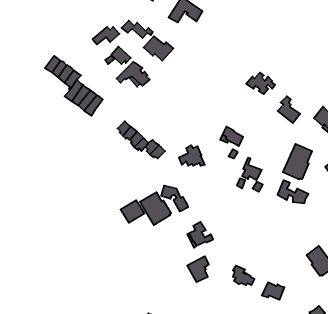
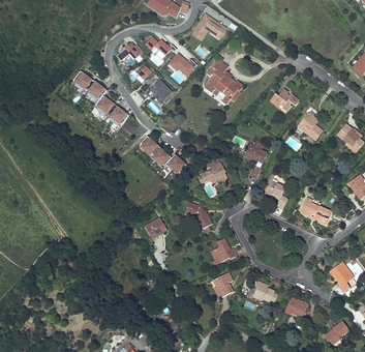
building: none -> [205,59,244,102]
building: [283,144,312,180] -> none
building: [140,192,171,225] -> none

